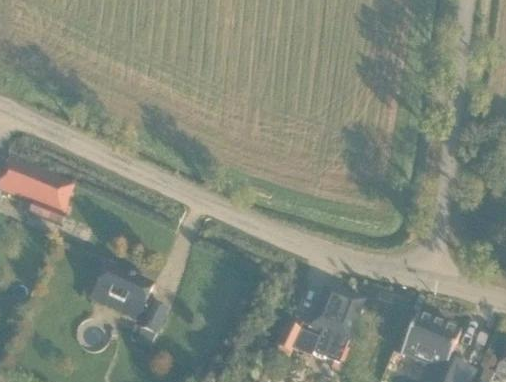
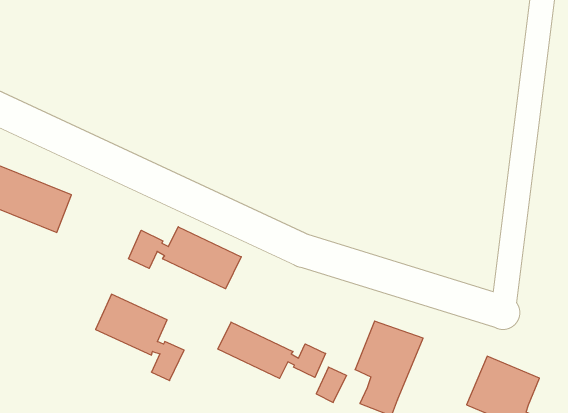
building: none -> [129,227,241,289]
building: none -> [218,322,326,378]

